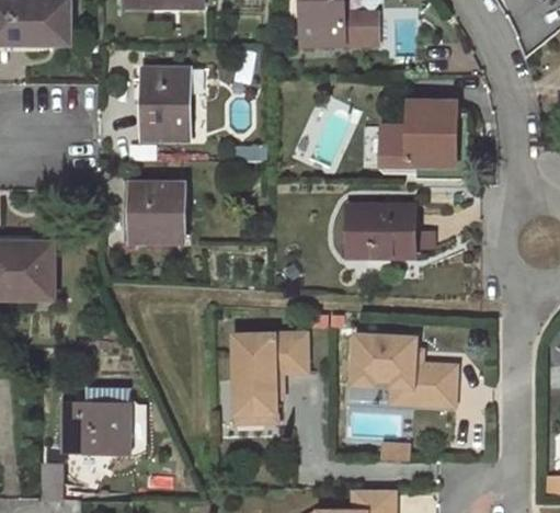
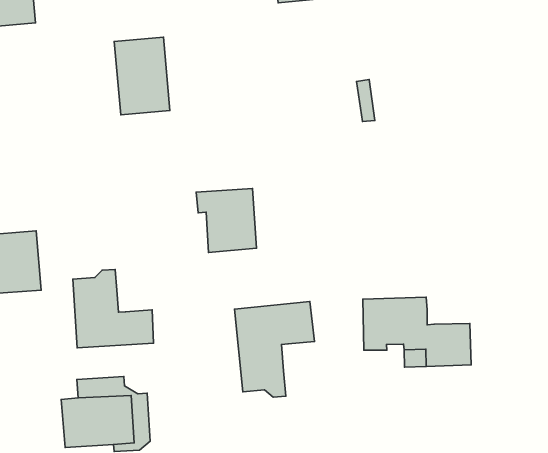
building: [409,105,484,163] -> none
building: [130,183,184,241] -> [196,189,256,252]
building: [345,204,413,257] -> none
building: none -> [73,269,154,348]

